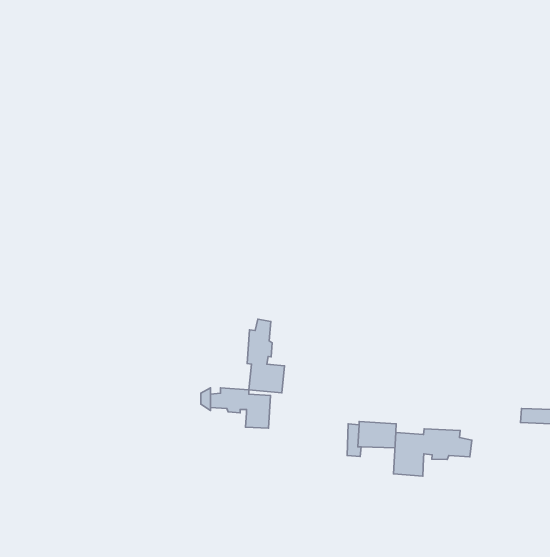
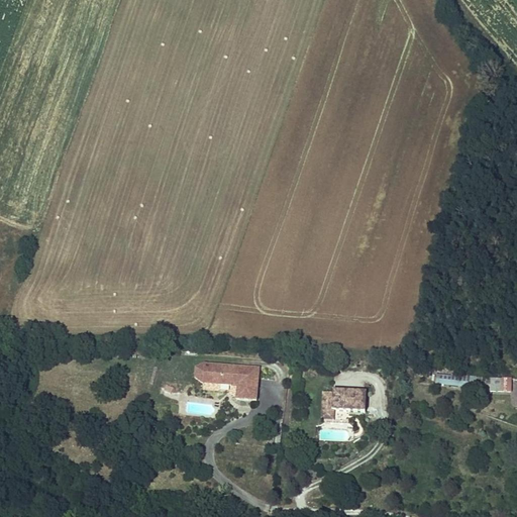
building: [247,319,284,393] -> none
building: [394,429,472,476] -> none

